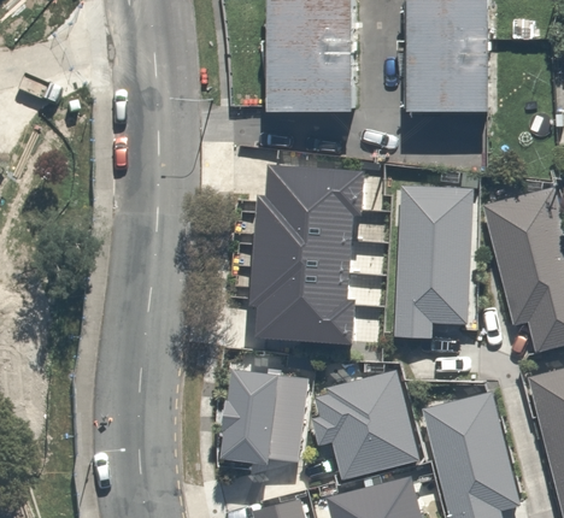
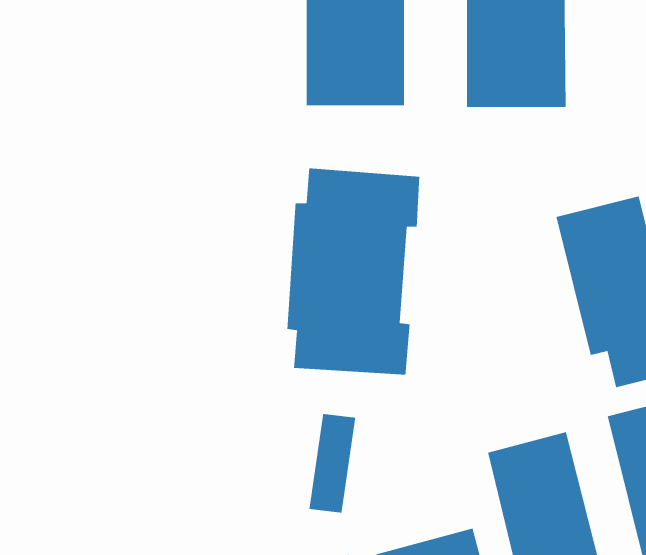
building: [394,186,474,339] -> none
building: [221,366,281,463] -> none
building: [311,370,419,479] -> none

